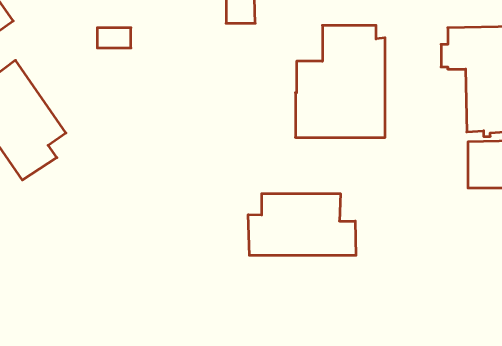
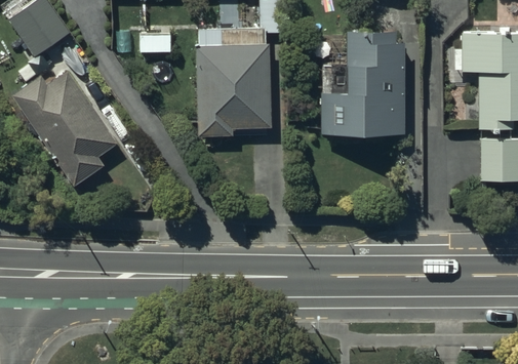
building: none -> [200,49,267,133]
building: [248,194,356,255] -> none

